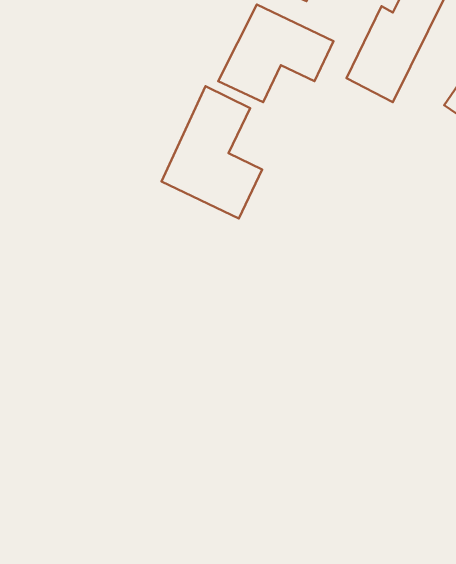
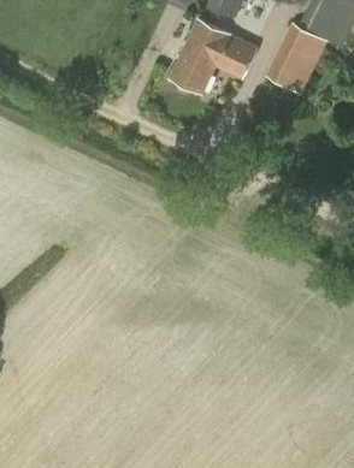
building: [161,86,262,218] -> none

